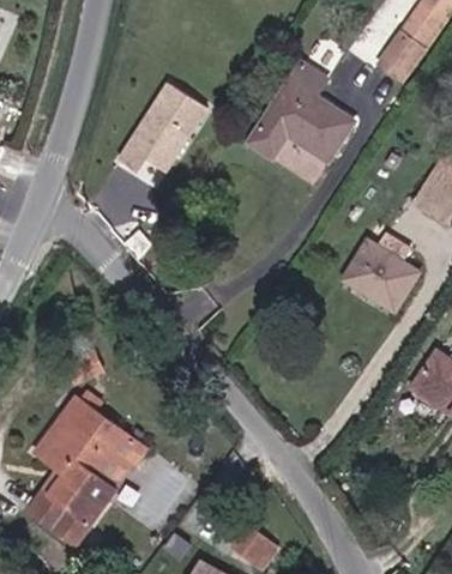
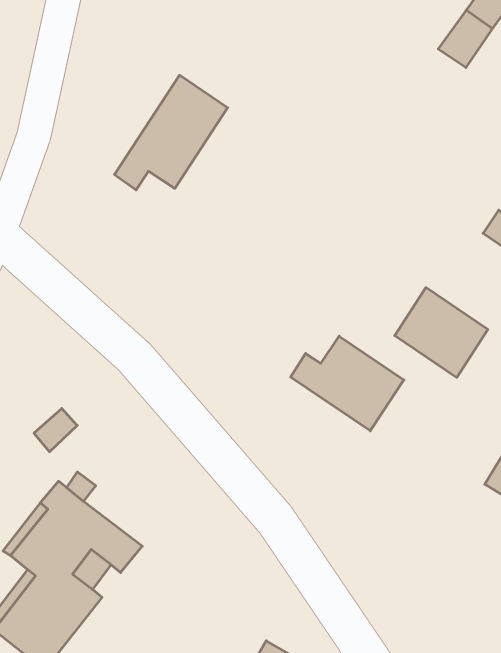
building: [252,64,355,164] -> none
building: none -> [291,336,404,431]

